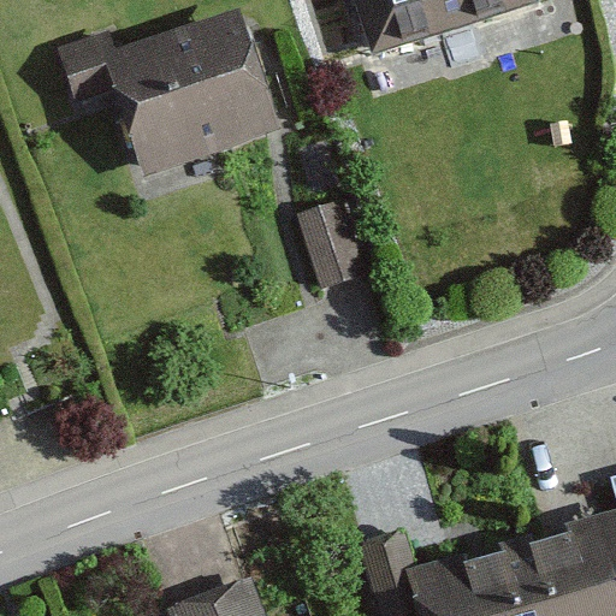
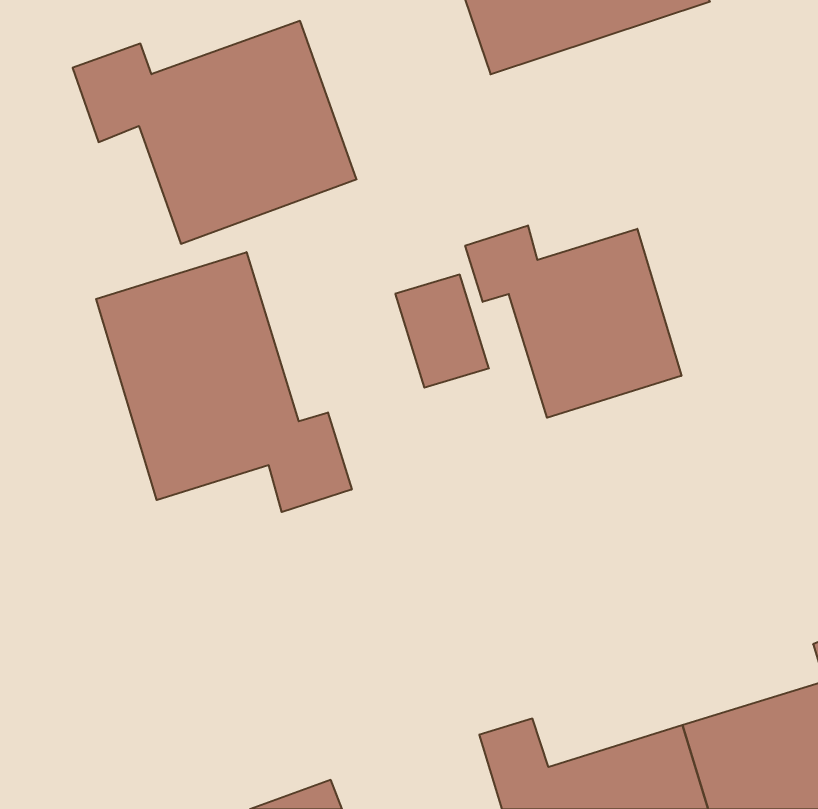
building: none -> [465,225,681,418]
building: none -> [96,252,352,512]

